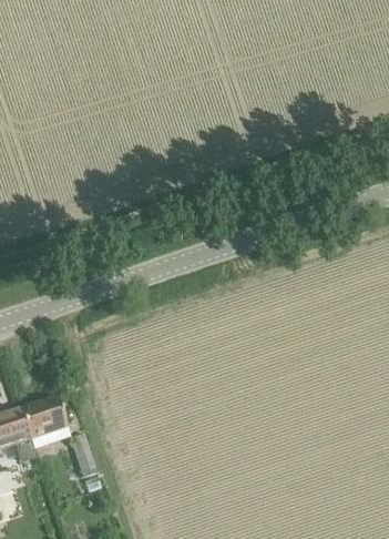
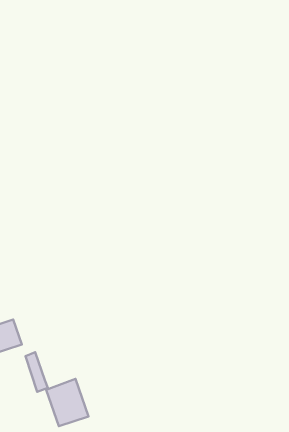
building: none -> [46,379,89,426]

